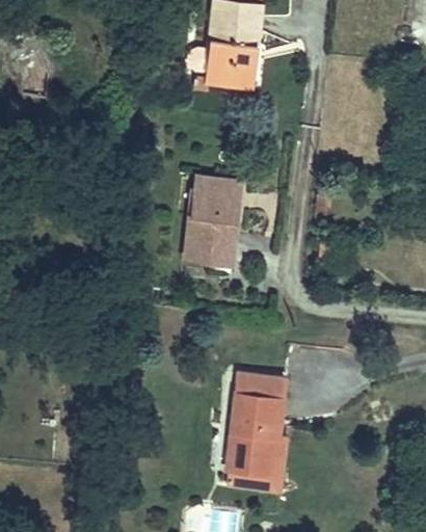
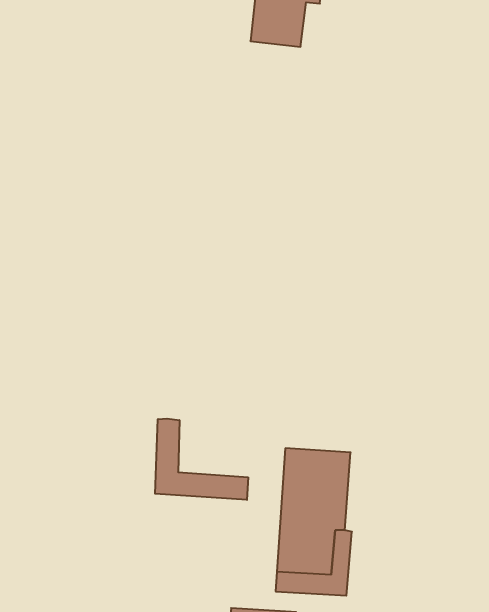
building: [184,180,233,262] -> none
building: none -> [155,419,248,500]

